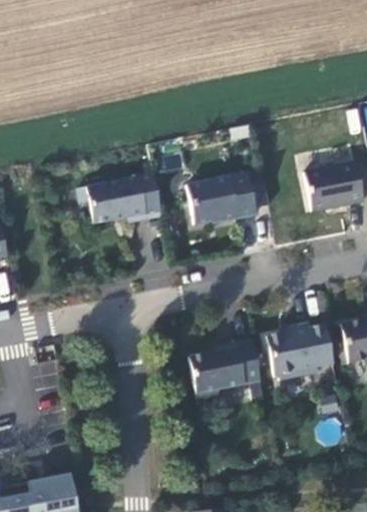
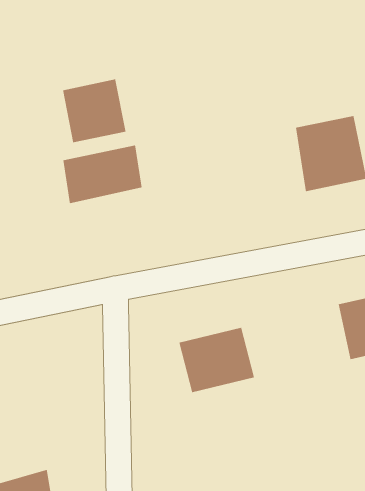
building: none -> [63,79,126,143]
building: [186,171,261,229] -> none
building: [272,321,331,381] -> none

